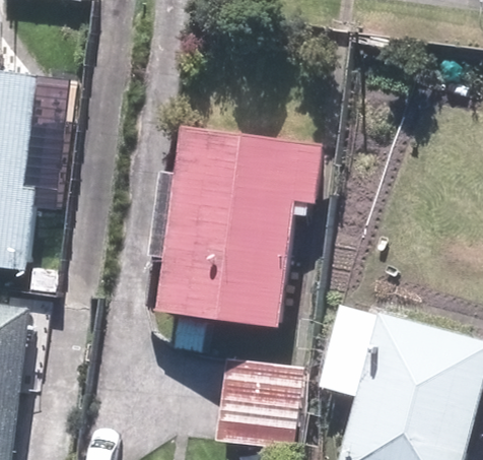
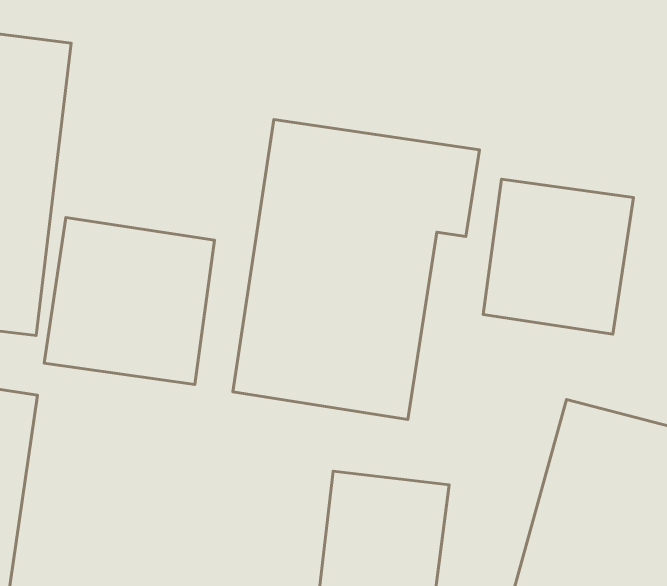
building: none -> [483,179,633,334]
building: none -> [44,218,214,384]

